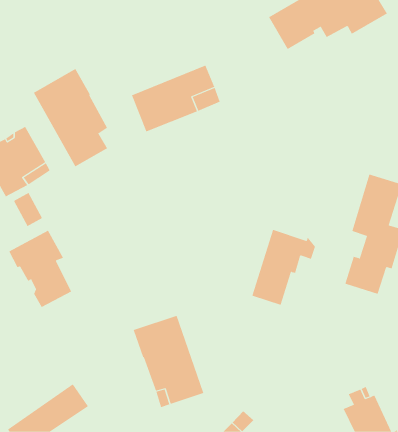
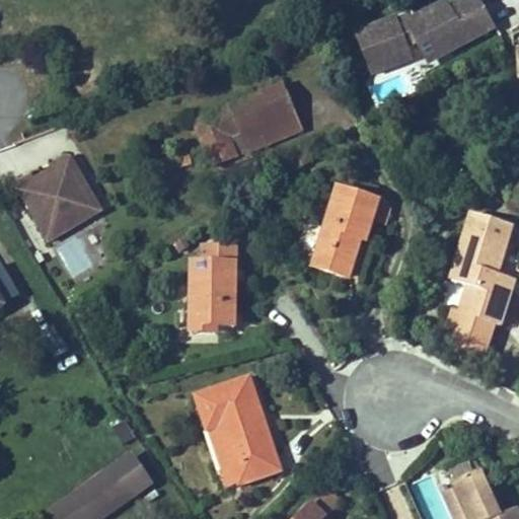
building: [33,68,108,167] -> none
building: none -> [192,245,243,325]
building: [252,229,316,305] -> [314,188,389,277]
building: [9,230,72,308] -> none

